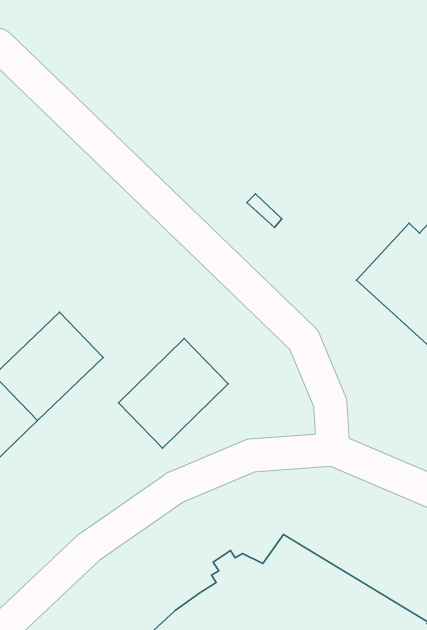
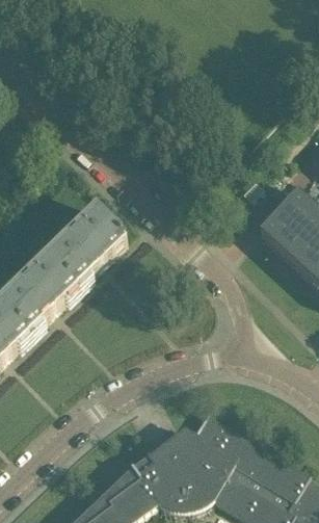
building: [118,338,228,448] -> [47,209,125,287]

